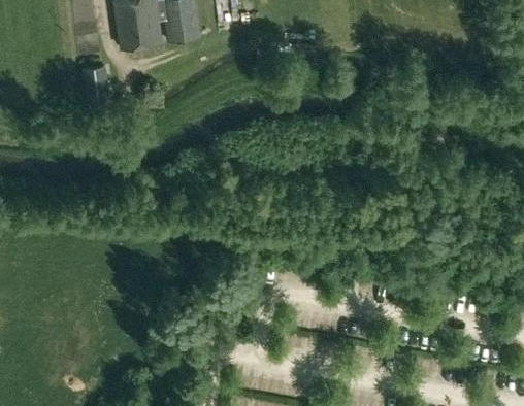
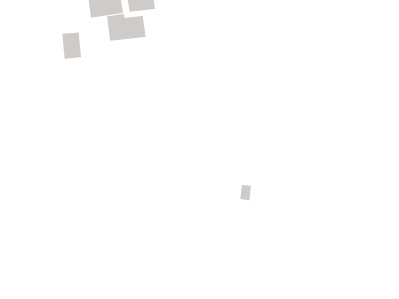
building: none -> [107,13,146,42]

